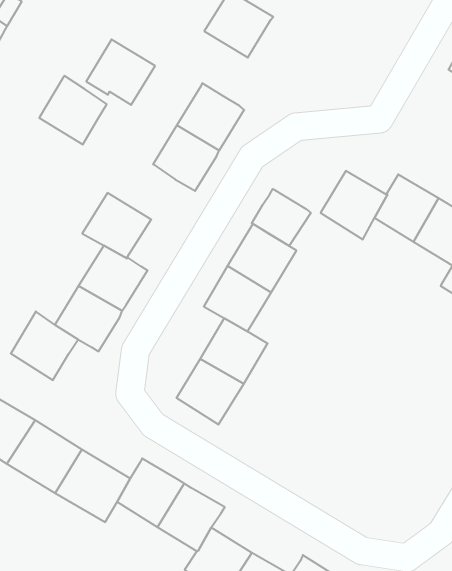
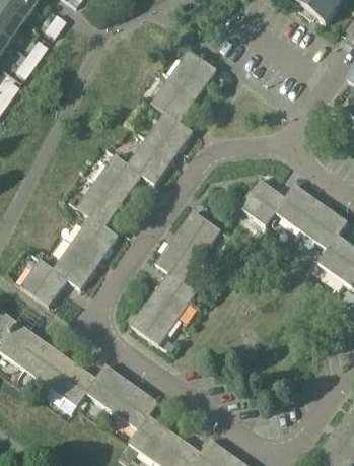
building: [86,39,155,105] -> [150,75,198,121]
building: [39,76,107,144] -> [95,153,142,201]
building: [252,189,311,246] -> none

